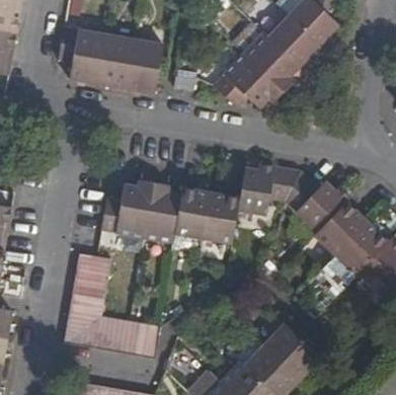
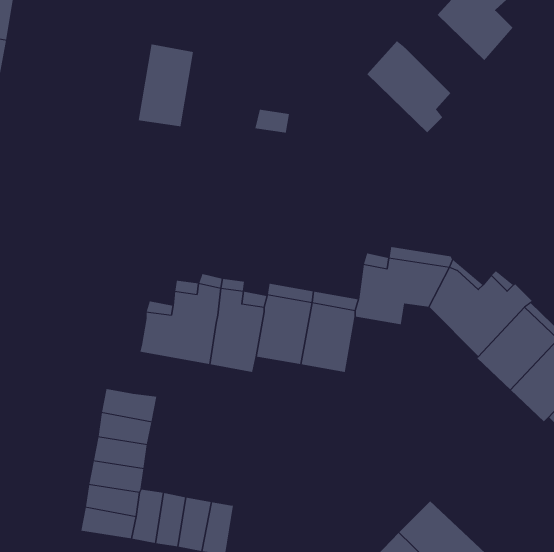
building: [267,16,318,71] -> none
building: [58,27,106,83] -> none
building: [126,40,169,92] -> none
building: [213,54,282,107] -> none

